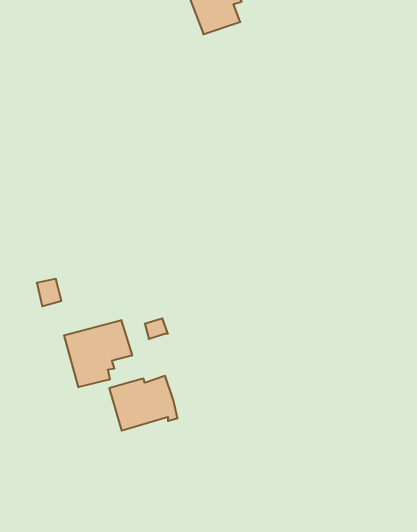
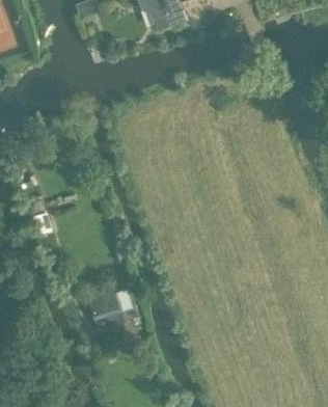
building: [64,320,132,387] -> none

